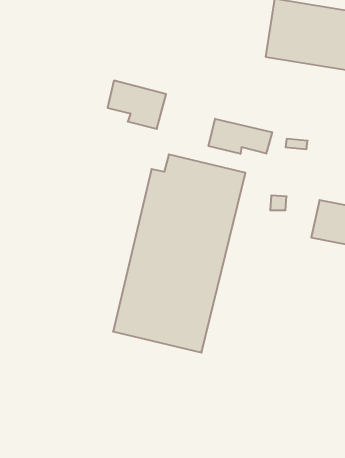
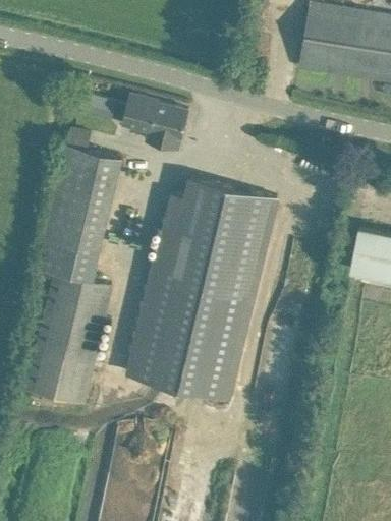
building: [209,119,272,154] -> none
building: none -> [26,144,122,404]

